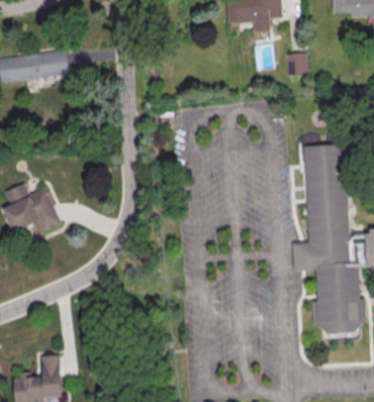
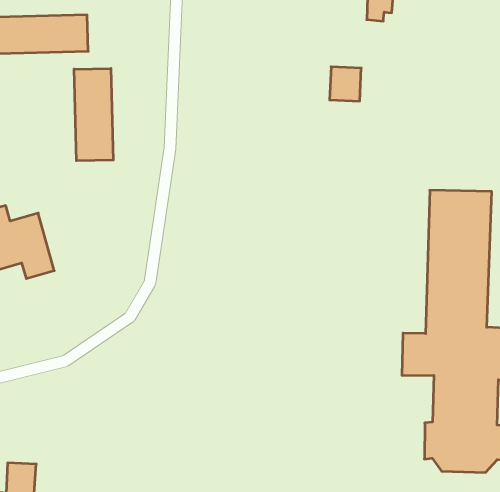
building: [285,52,306,75] -> [330,67,361,101]
building: none -> [74,68,113,161]

